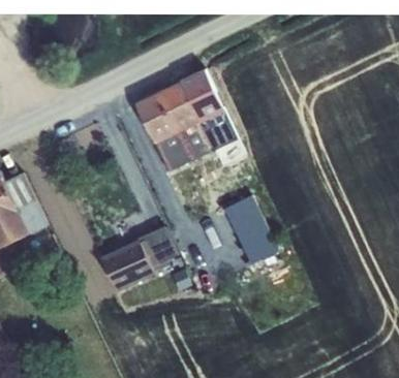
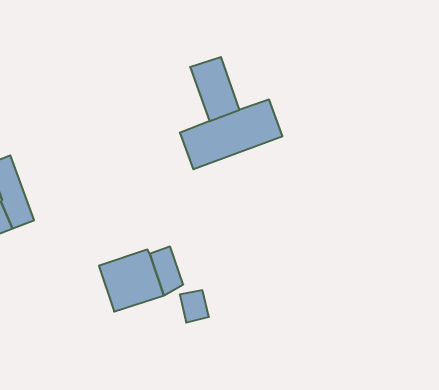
building: [182,69,223,121] -> none
building: [135,91,178,144] -> none
building: [223,194,279,263] -> none

